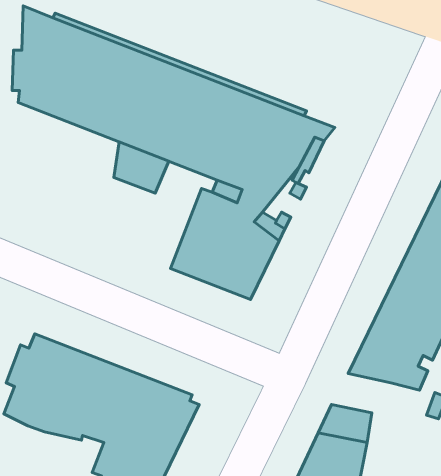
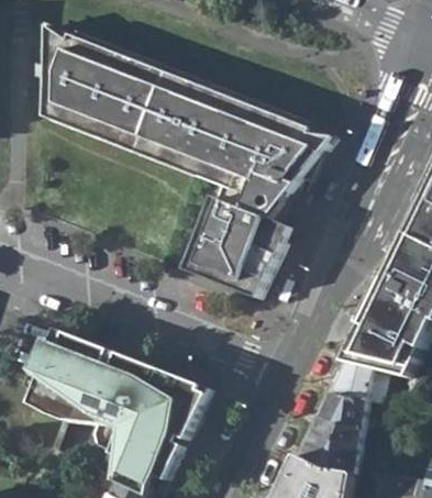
building: [114,142,169,193] -> none
building: none -> [329,365,384,403]

